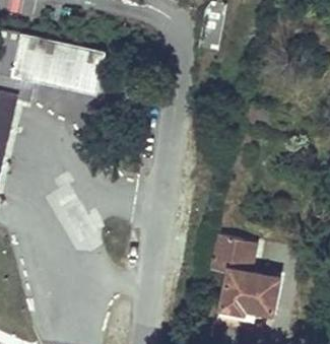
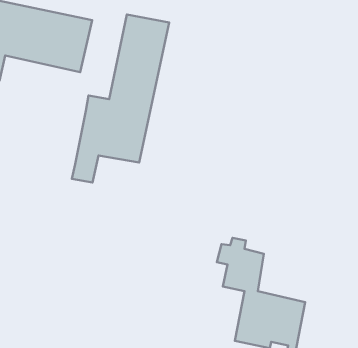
building: none -> [72,14,169,183]

